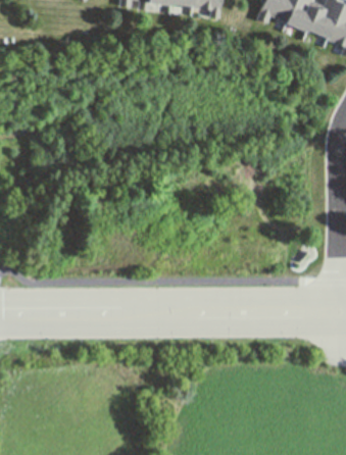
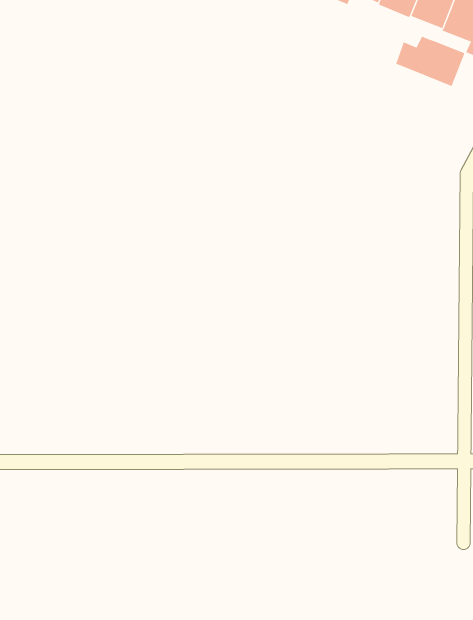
building: none -> [396,36,465,87]

